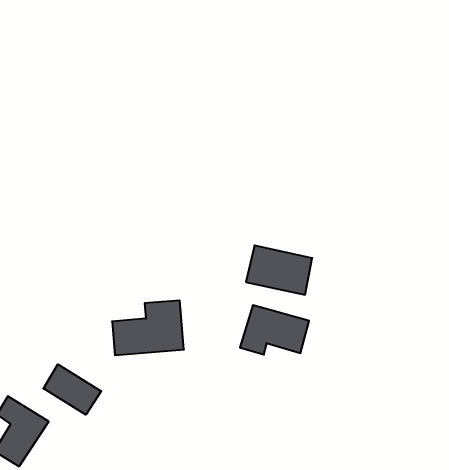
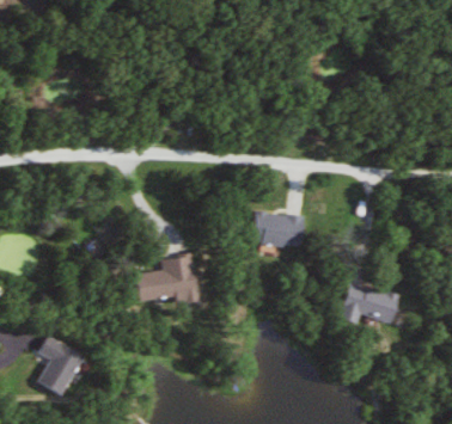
building: [240,305,309,355] -> [338,283,397,325]
building: [43,364,101,415] -> none

